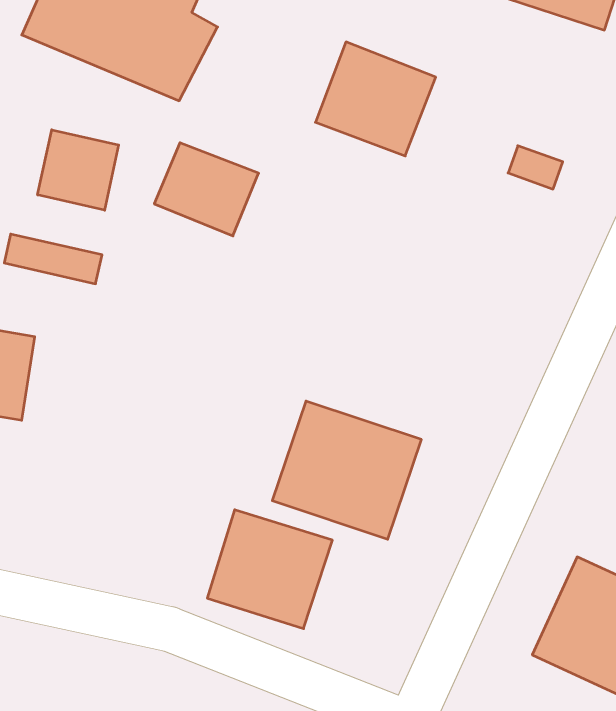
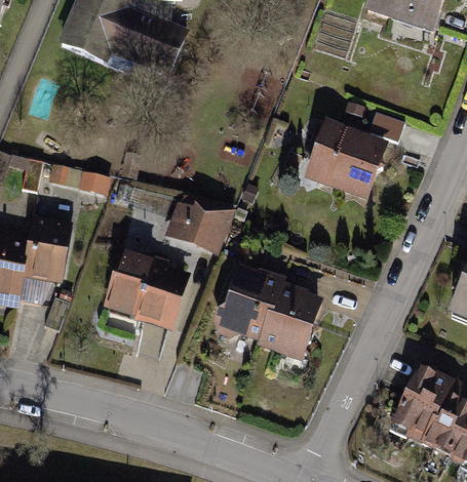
building: [315,42,436,156] -> [307,123,384,196]
building: [38,130,119,210] -> none
building: [154,143,259,236] -> [168,194,235,253]
building: [207,510,332,629] -> [105,253,185,329]

